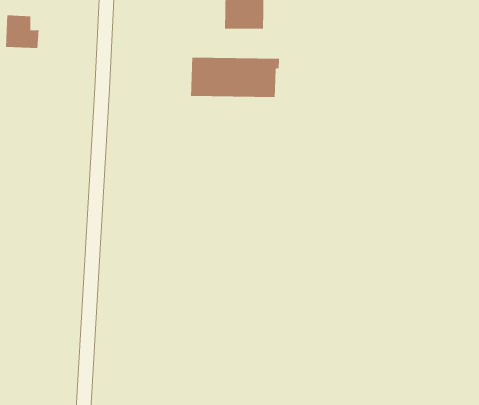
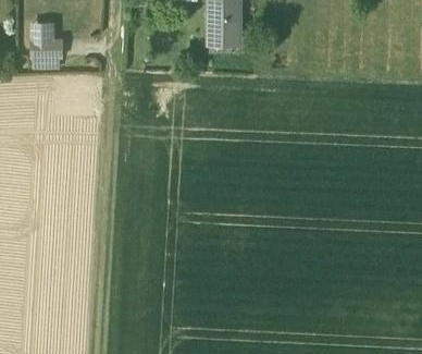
building: [190,57,280,98] -> none

